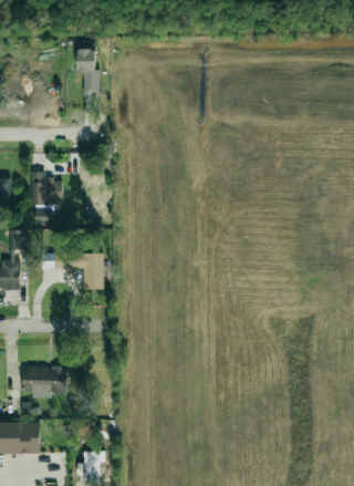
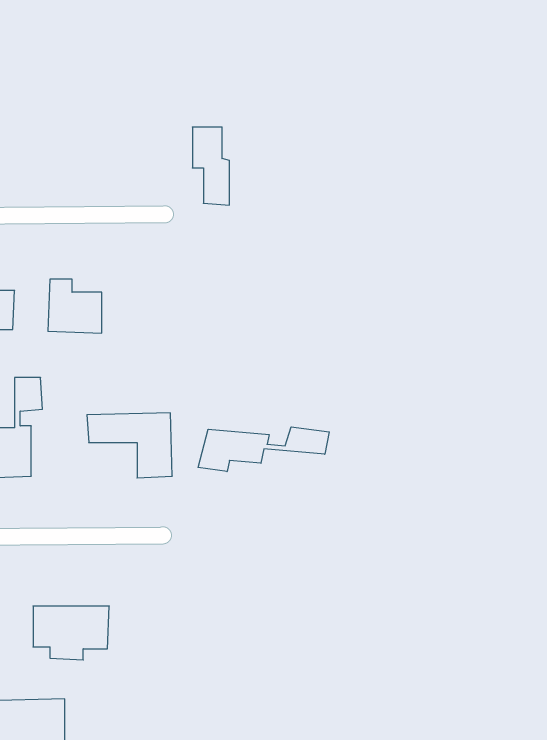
building: [76,50,98,96] -> [192,127,229,205]
building: none -> [198,427,329,472]

